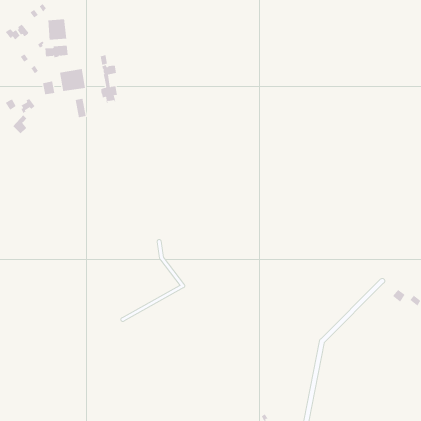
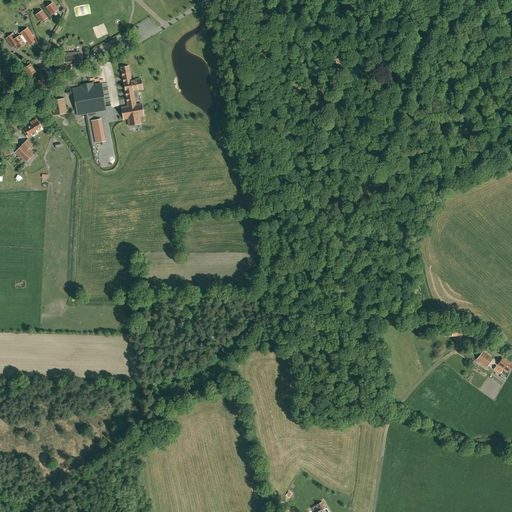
building: [48,18,67,41] -> none

